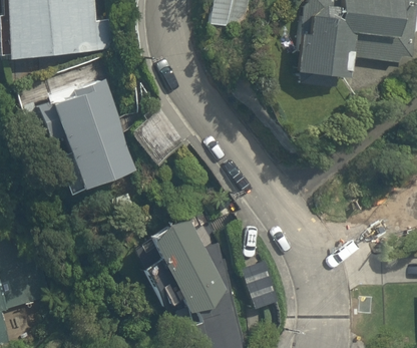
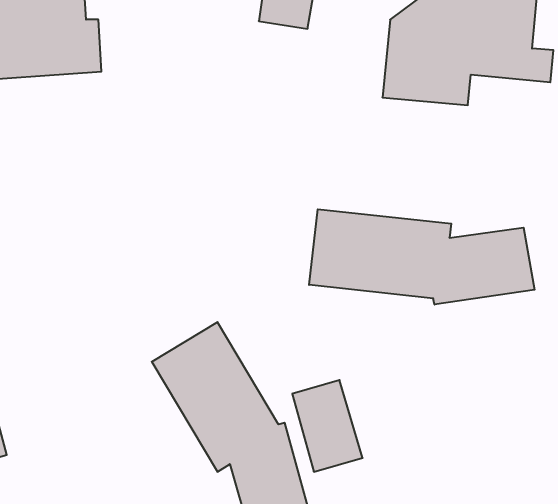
building: [48,79,133,189] -> none
building: none -> [309,209,535,305]

